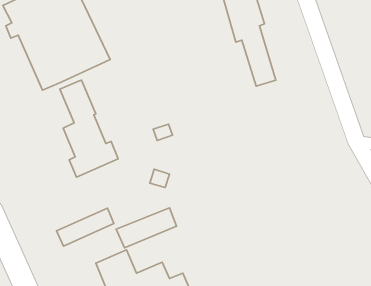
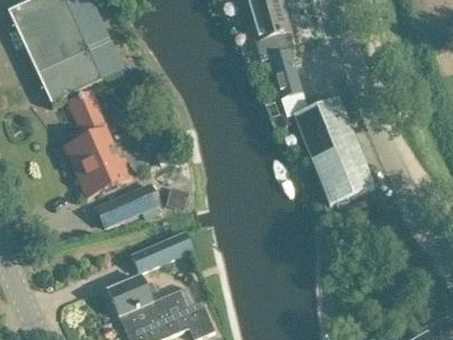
building: none -> [295,96,374,204]
building: [56,208,114,246] -> [97,185,159,226]

